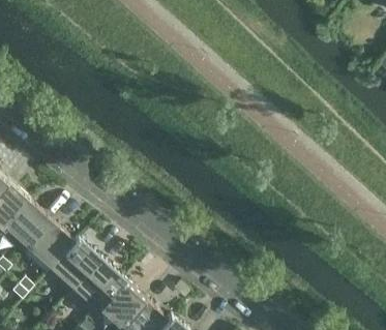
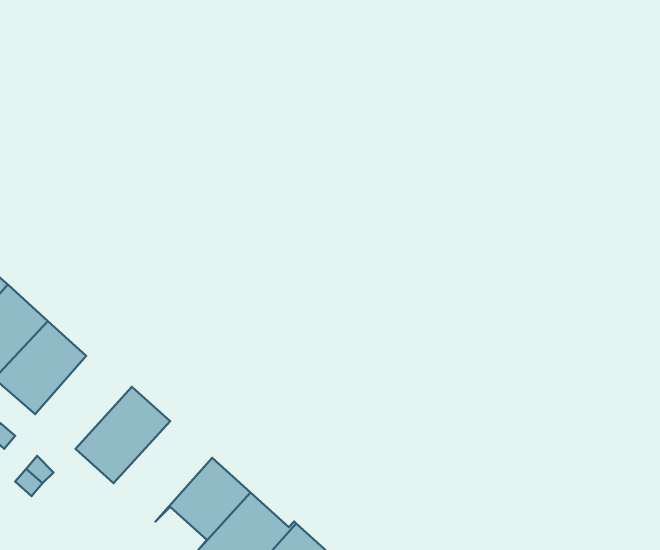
building: [22,219,77,272] -> none
building: [66,257,122,313] -> none

